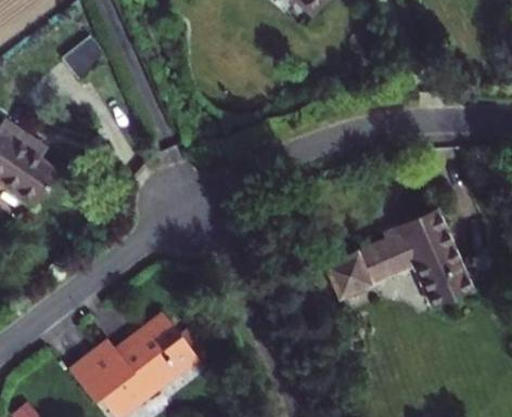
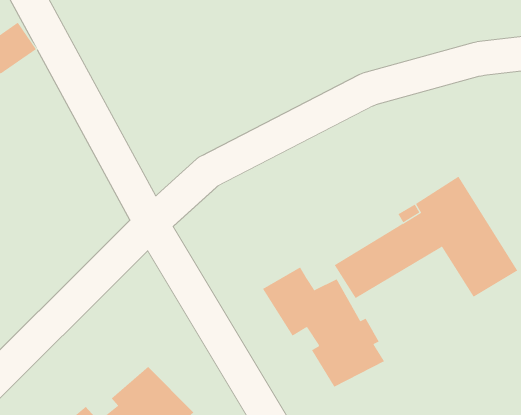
building: none -> [262,267,385,388]

